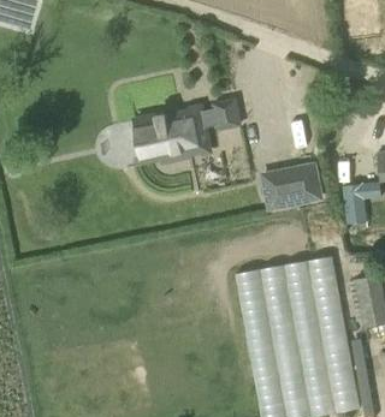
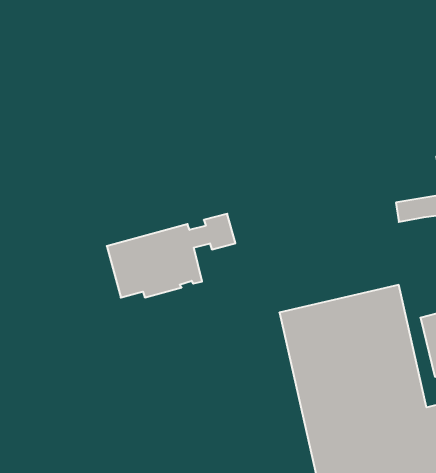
building: [134,101,237,163] -> [107,214,235,298]
building: [259,163,321,212] -> none

